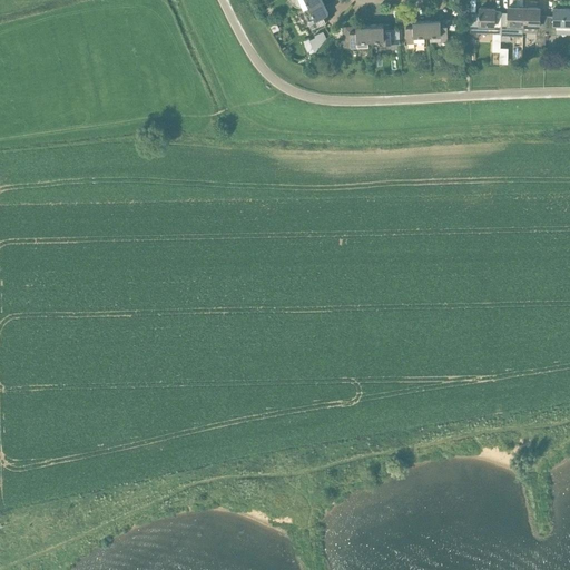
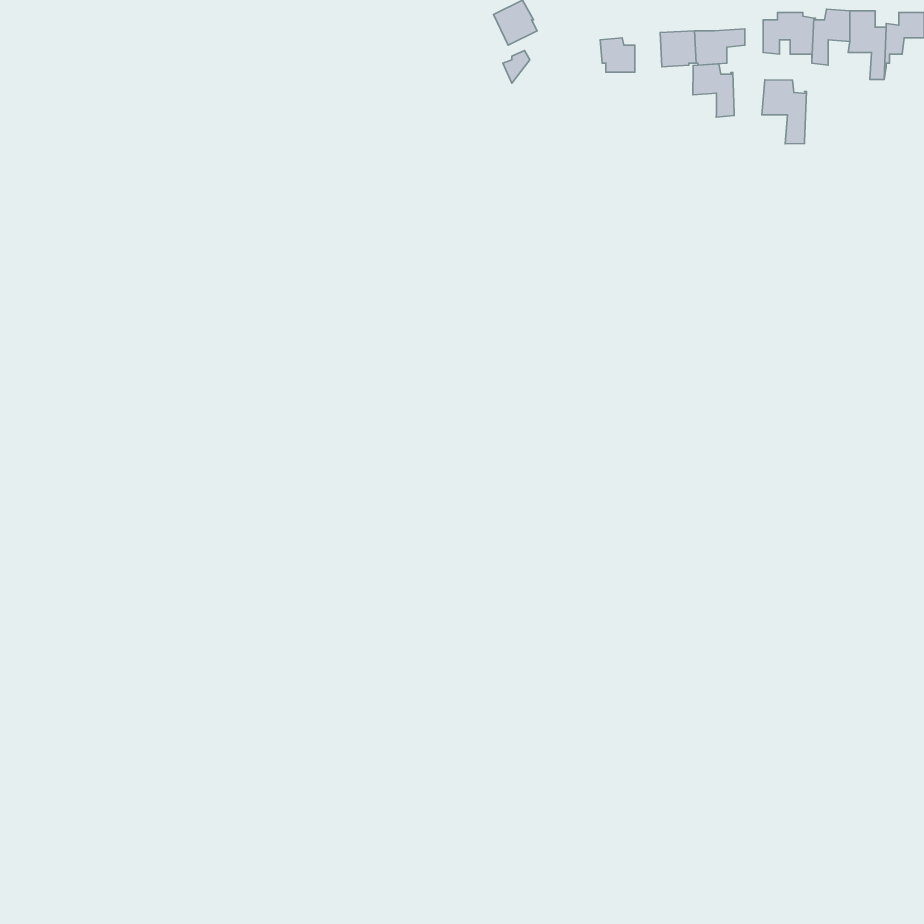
building: [343,24,371,47] -> none
building: none -> [693,64,734,117]
building: none -> [762,80,807,144]

